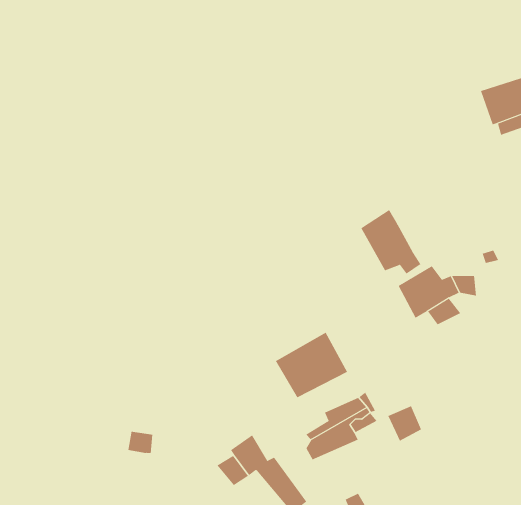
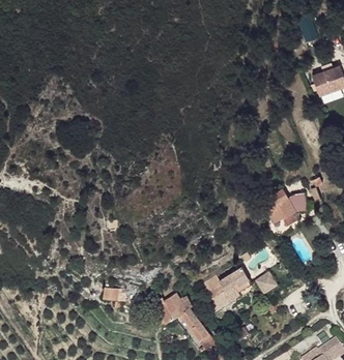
building: [360,209,421,275] -> none
building: [275,332,348,398] -> none

